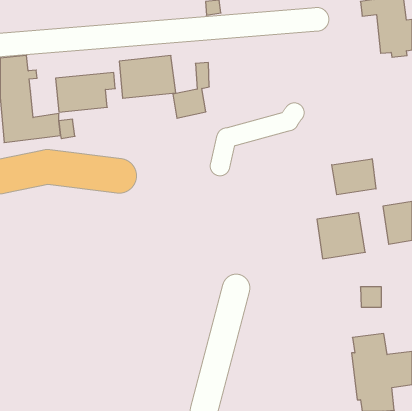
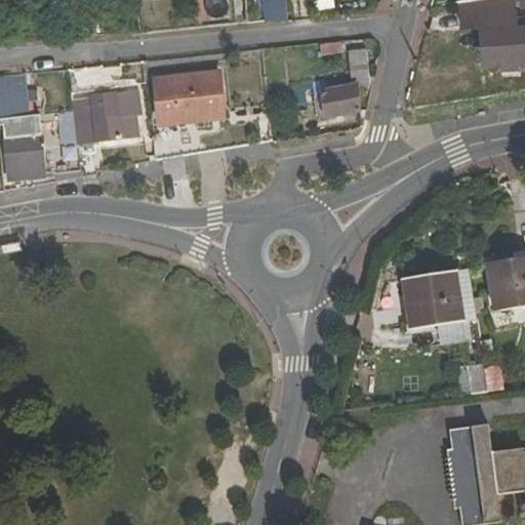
building: [173,63,209,118] -> [318,49,364,120]
building: [332,159,376,195] -> none

